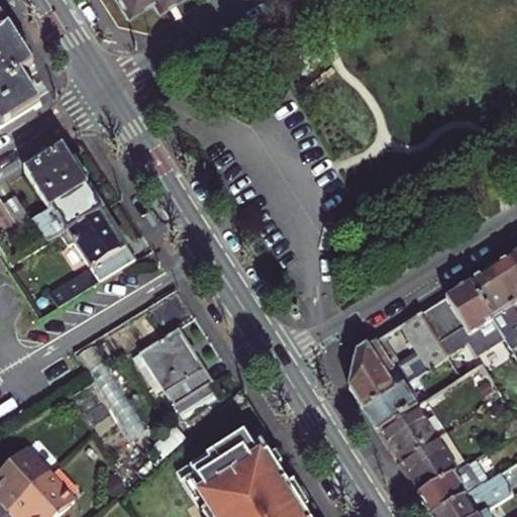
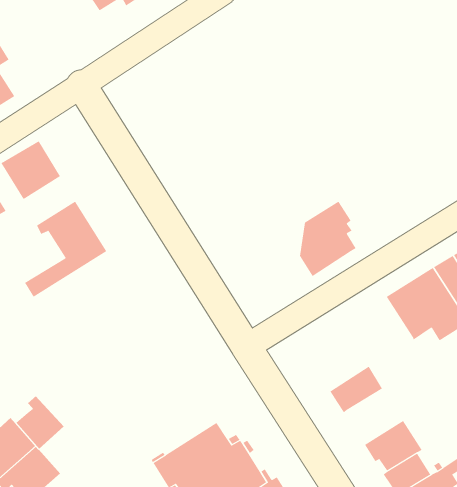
building: [34,186,102,243] -> none
building: [399,309,446,373] -> none
building: [348,328,407,406] -> [299,201,357,277]
building: [140,330,212,406] -> none
building: [380,403,437,460] -> none
building: none -> [16,395,65,449]

